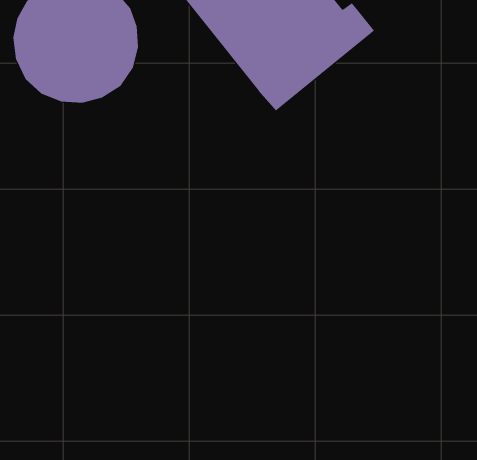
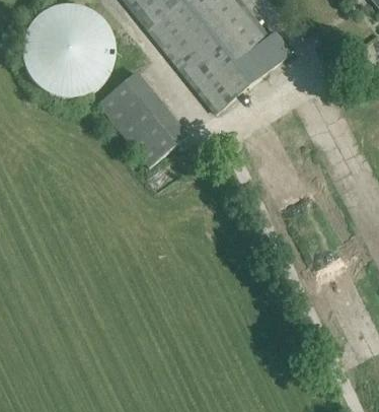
building: none -> [98,71,187,165]

